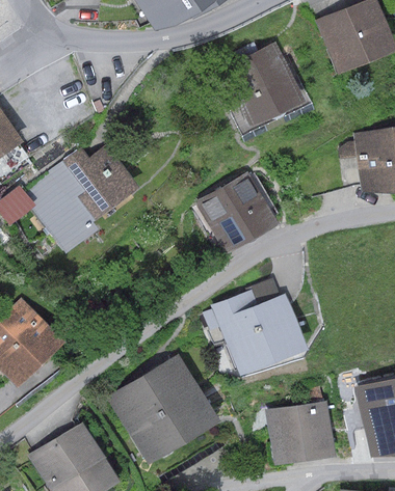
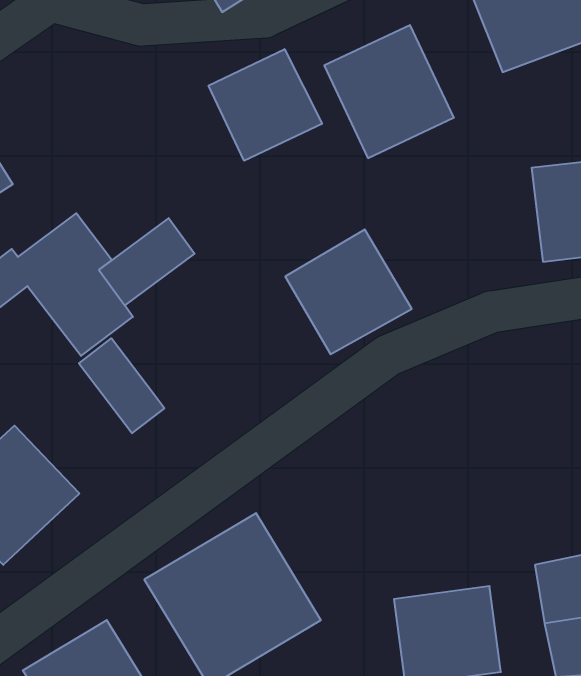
building: none -> [209,49,322,161]
building: [62,145,122,192] -> none
building: none -> [79,338,164,433]
building: [204,289,308,376] -> none

